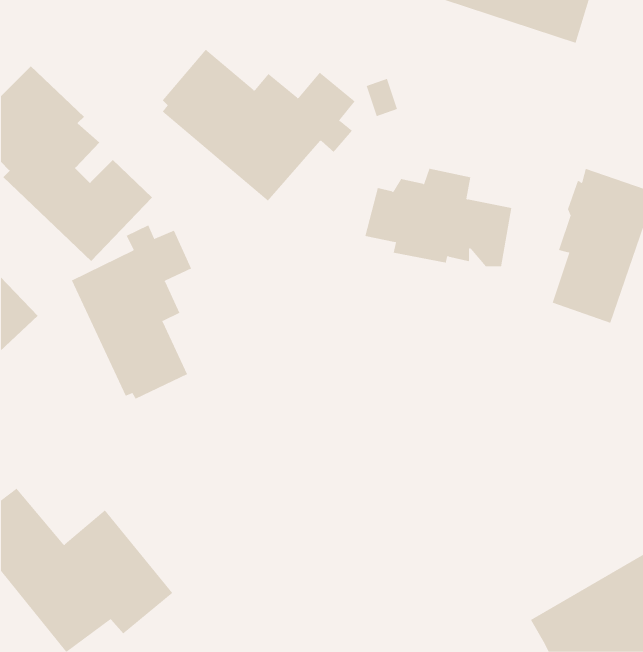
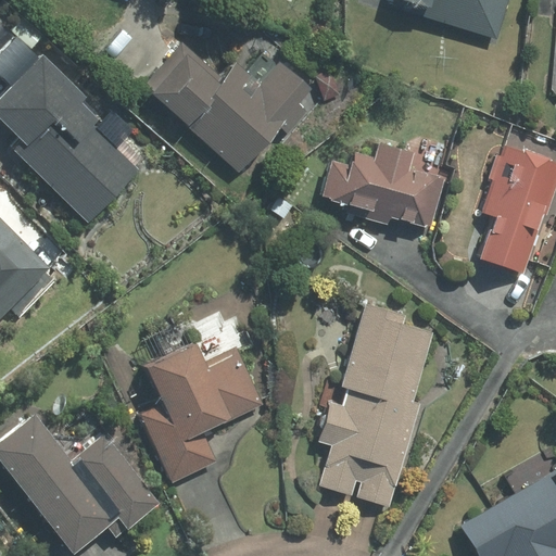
building: [71,224,192,400] -> none
building: none -> [317,301,434,506]
building: none -> [138,343,266,482]

